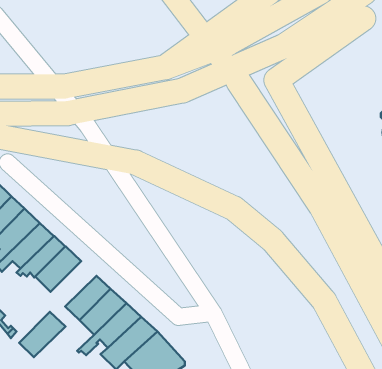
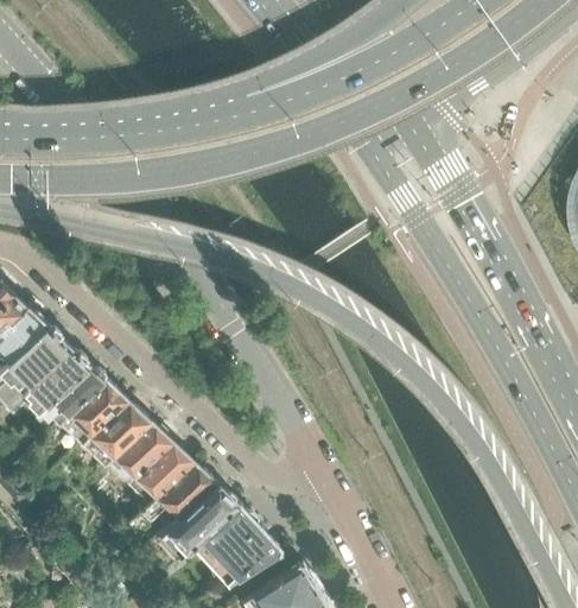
building: [19,312,65,357] -> [85,401,153,468]

